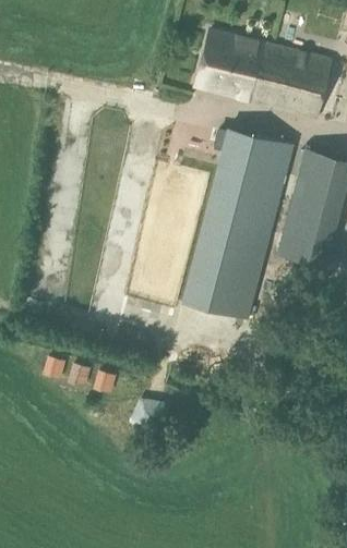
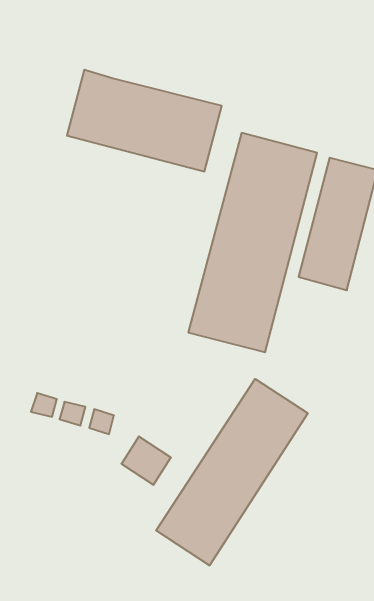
building: [196,28,333,118] -> [67,70,222,171]
building: none -> [156,379,308,566]

